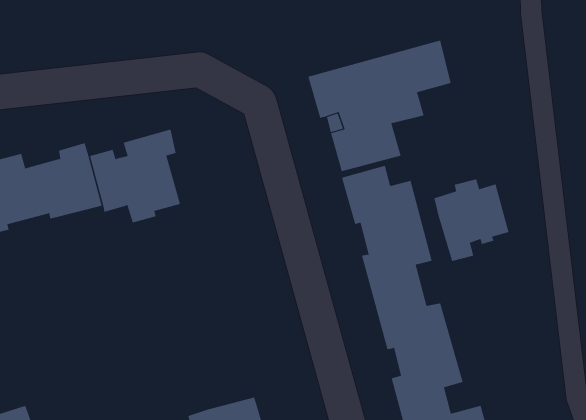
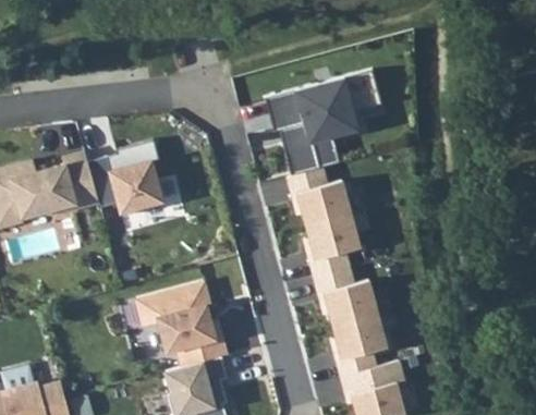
building: [434,178,509,262] -> none
building: none -> [136,283,226,367]

